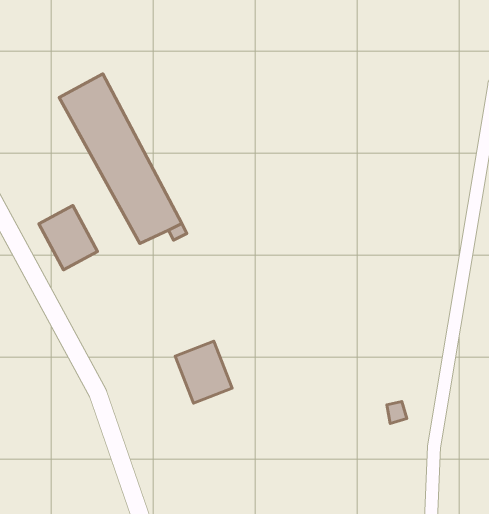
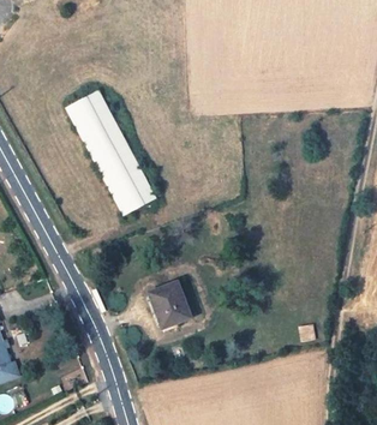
building: [39,205,98,270] -> none

